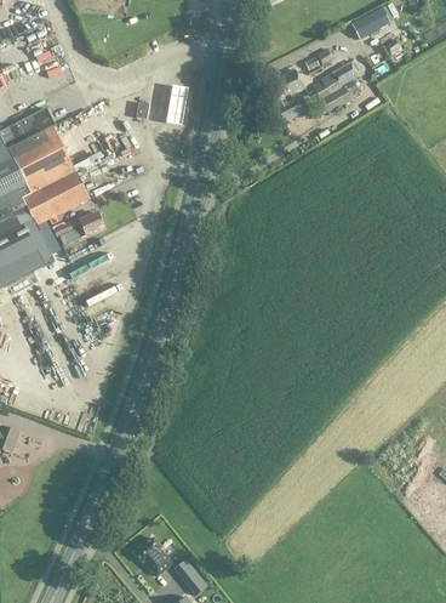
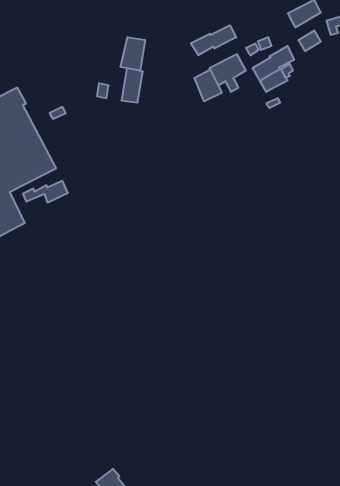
building: none -> [191,25,236,55]
building: none -> [121,37,145,71]
building: none -> [194,70,222,101]

